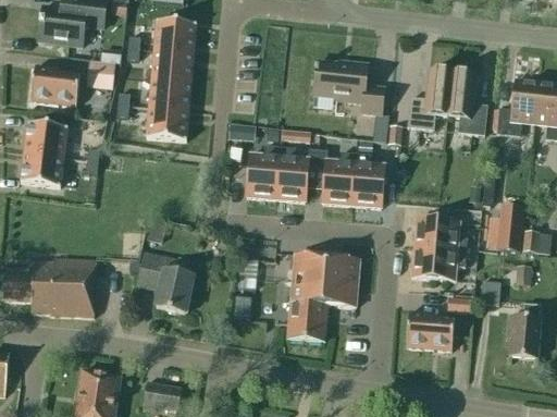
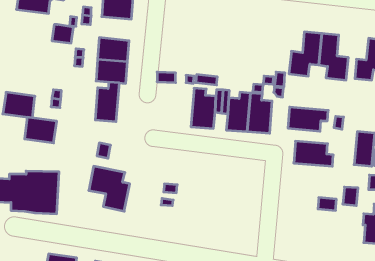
building: [151,49,195,82] -> none
building: [313,60,384,114] -> none
building: [32,64,81,106] -> none
building: [25,122,69,157] -> [25,117,57,143]
building: [247,145,280,198] -> [95,82,119,122]
building: [412,247,467,280] -> [288,107,328,131]
building: [287,253,360,340] -> none
building: [407,310,450,349] -> none

